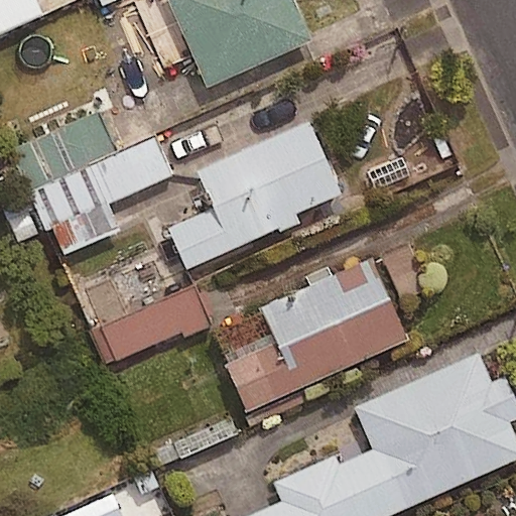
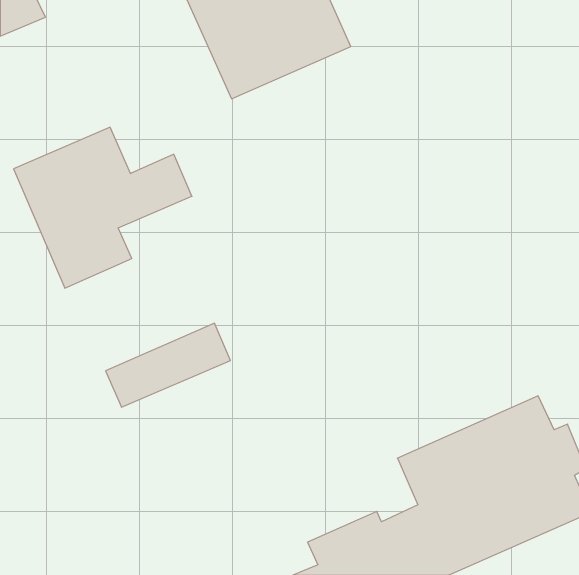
building: [168,121,341,263] -> none
building: [224,259,409,414] -> none

